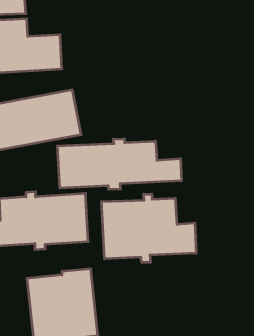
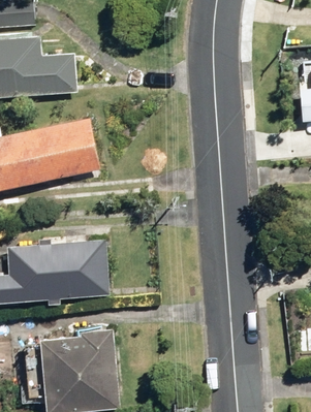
building: [57,139,181,189] -> none
building: [101,194,196,262] -> none

